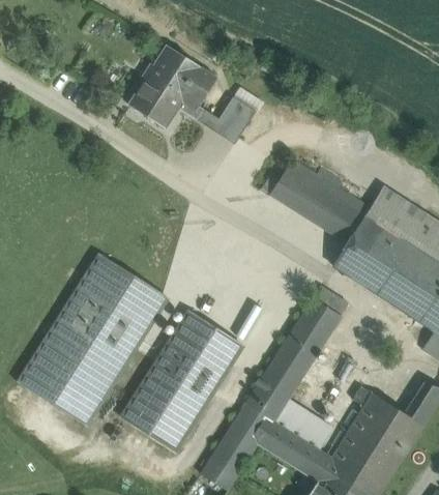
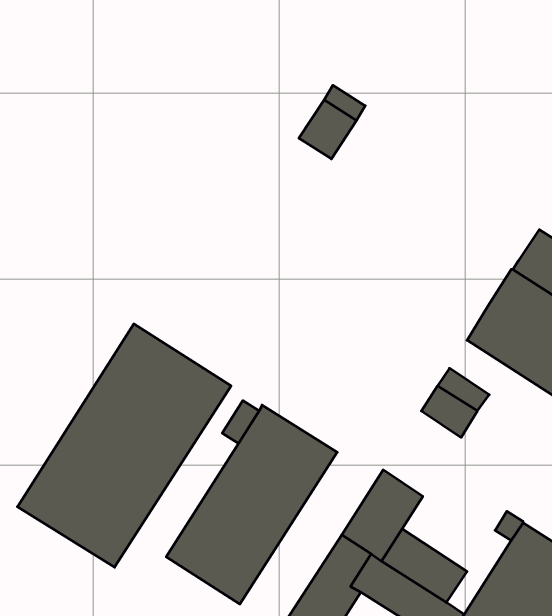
building: [130,46,216,125] -> none
building: [270,158,370,241] -> none
building: [274,315,329,375] -> none

